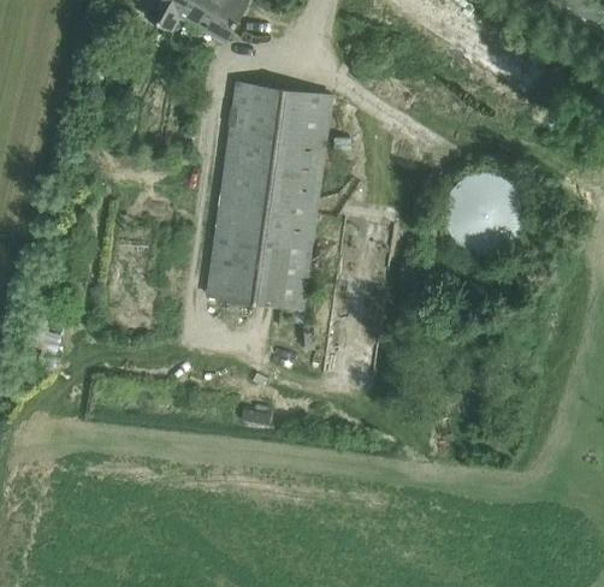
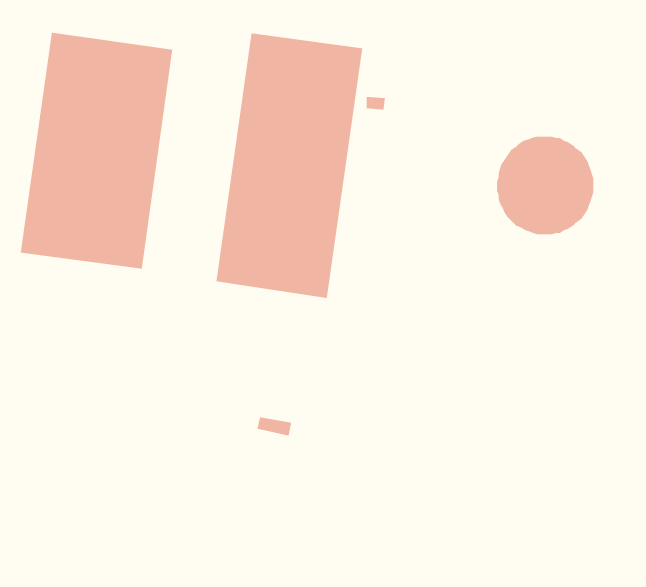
building: none -> [20,32,173,270]

